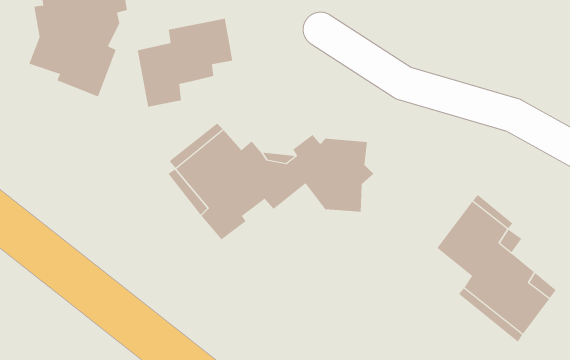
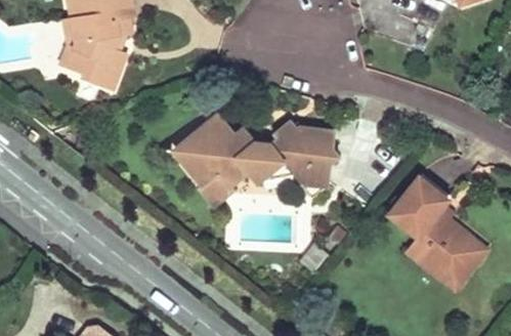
building: [137,18,233,107] -> none

